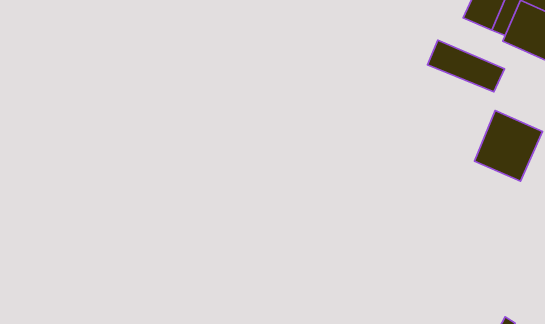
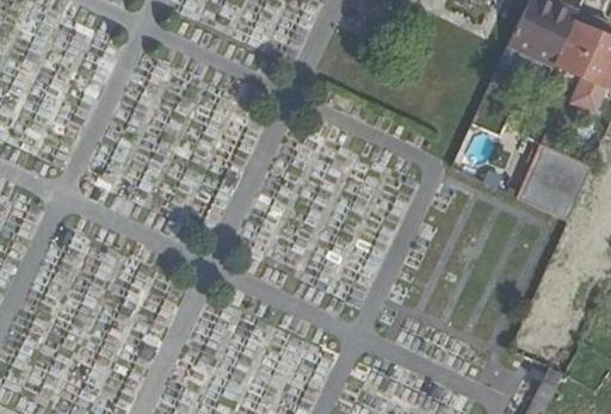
building: [427,40,505,92] -> none

